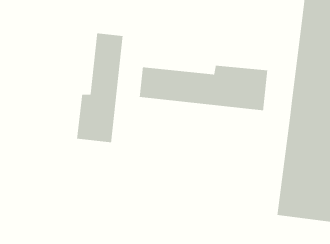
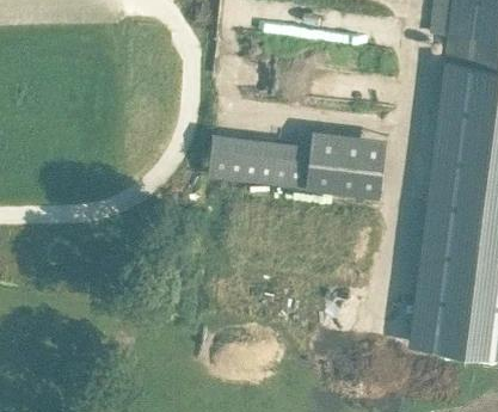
building: [76,32,123,143] -> none

